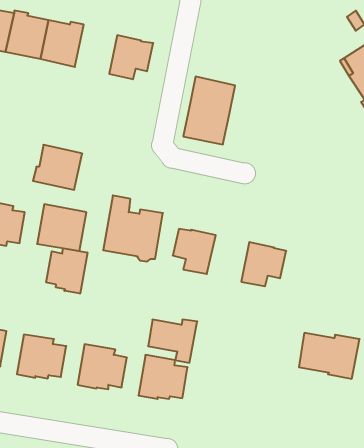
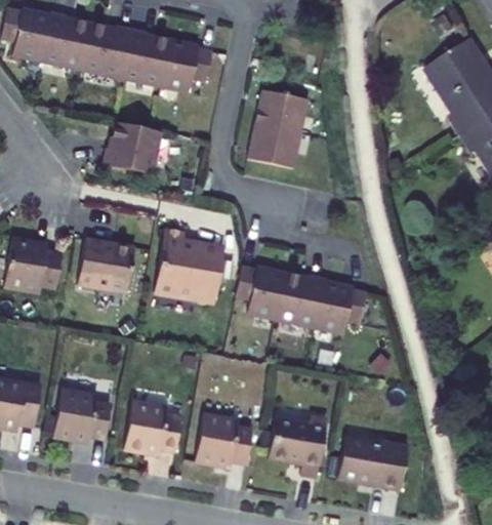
building: none -> [121,29,170,86]
building: [33,145,82,190] -> [102,122,160,174]
building: none -> [275,274,325,328]
building: [46,248,87,294] -> none
building: [148,320,197,363] -> [268,427,325,477]
building: [299,333,360,379] -> [338,438,409,491]

